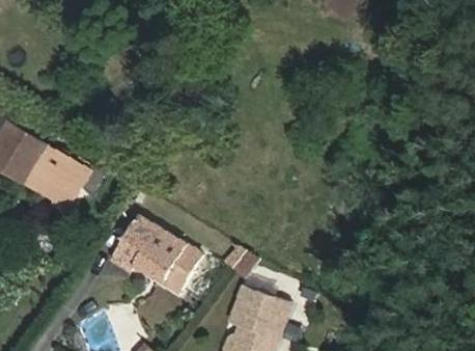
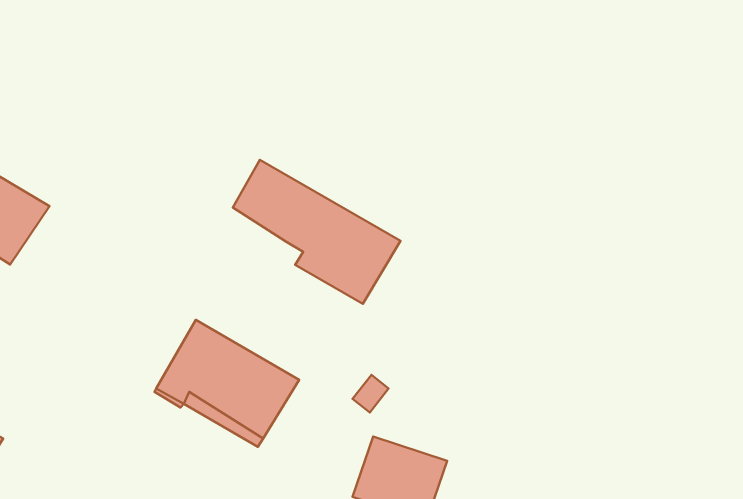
building: none -> [233,160,401,304]
building: [26,146,89,207] -> none

